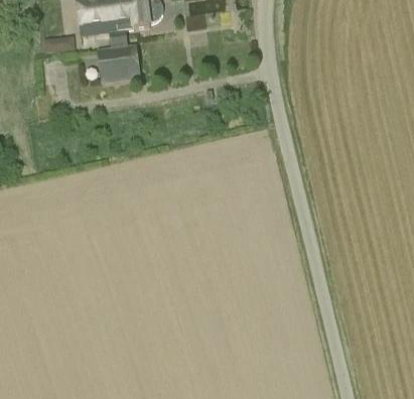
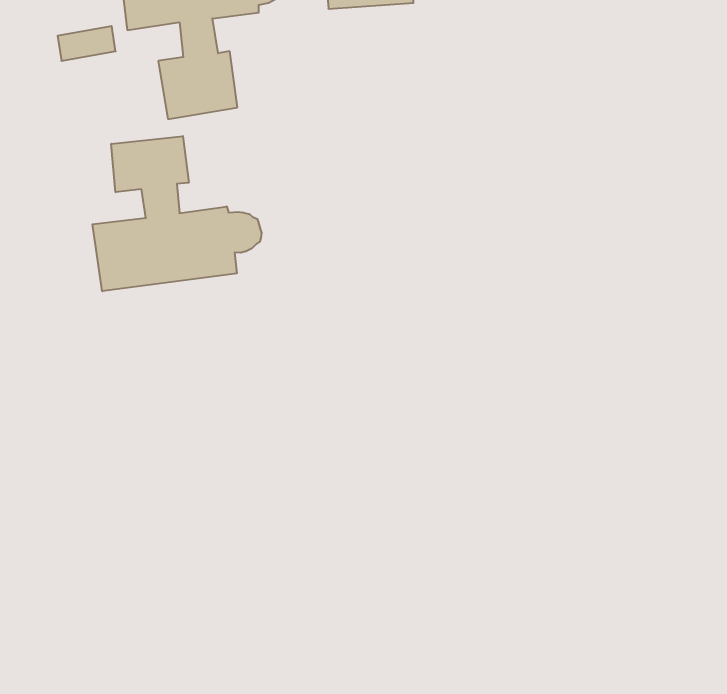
building: none -> [92,136,261,291]

